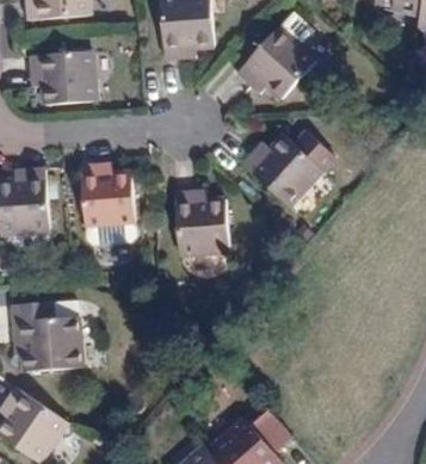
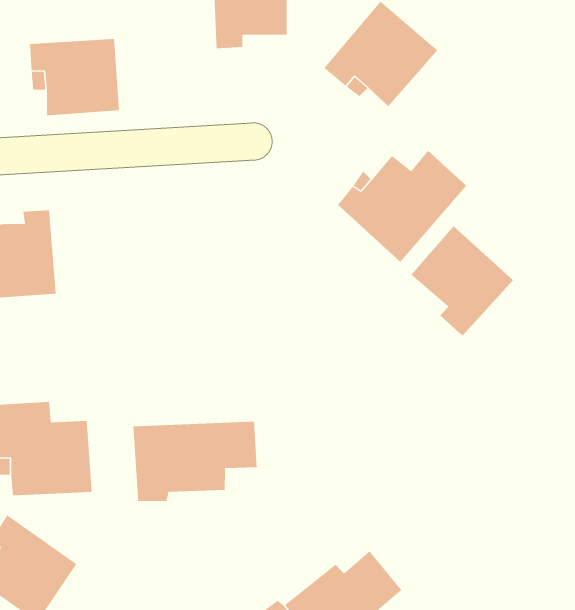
building: [84,166,140,225] -> none
building: none -> [410,225,514,336]
building: [175,188,230,249] -> none
building: none -> [133,421,257,502]

